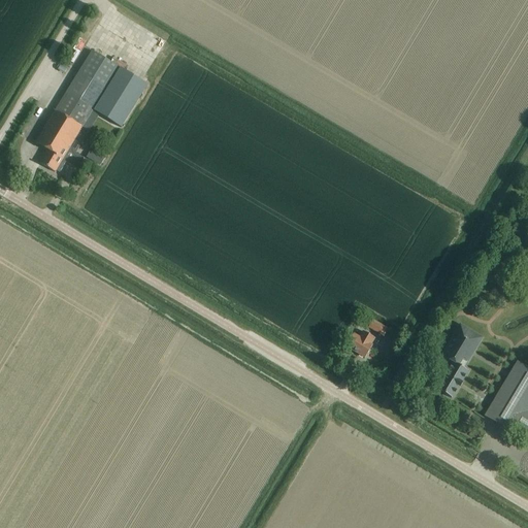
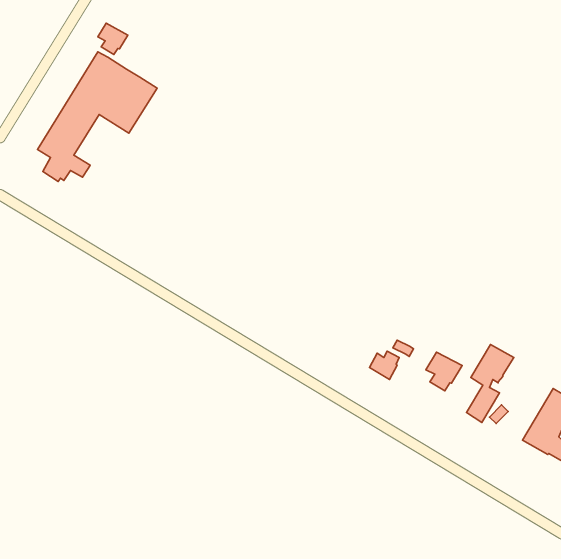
building: none -> [98,23,128,54]
building: none -> [426,352,462,391]

